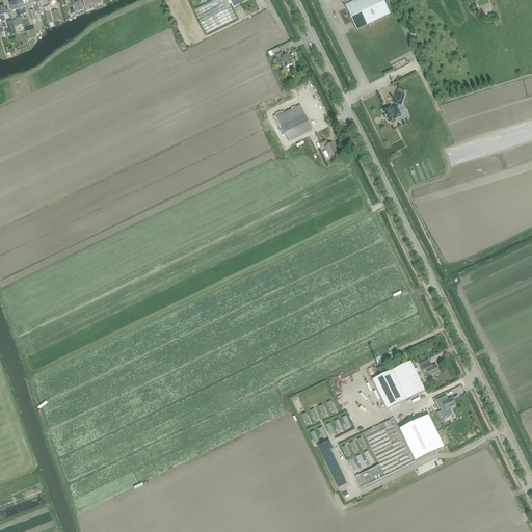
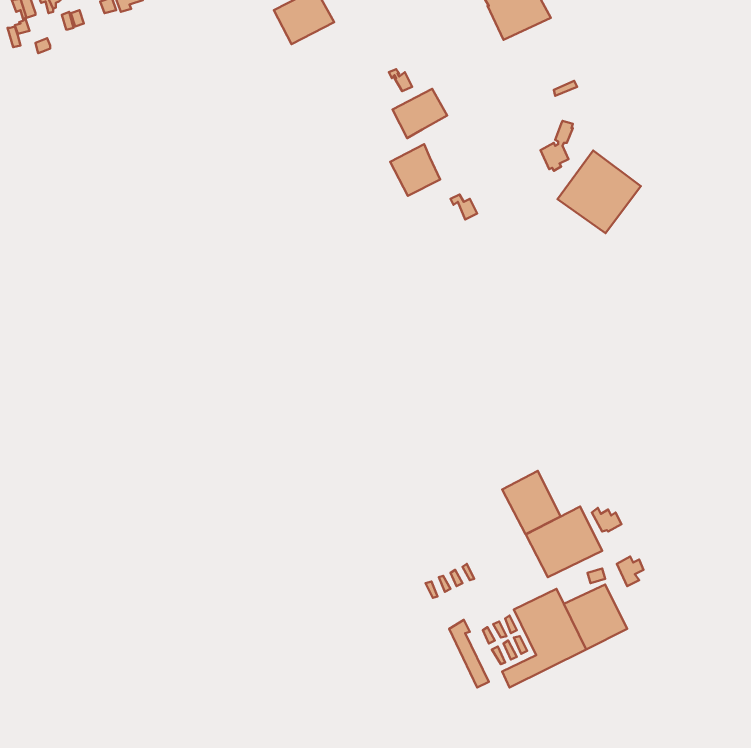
building: none -> [392,89,447,138]
building: none -> [558,150,641,233]
building: none -> [502,471,561,534]

